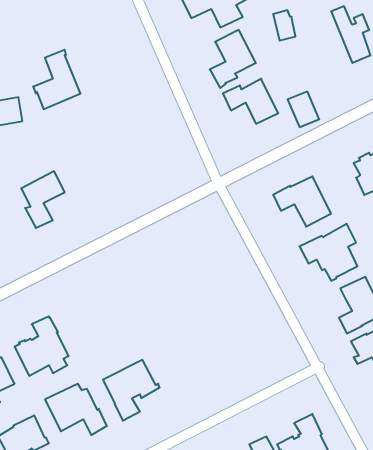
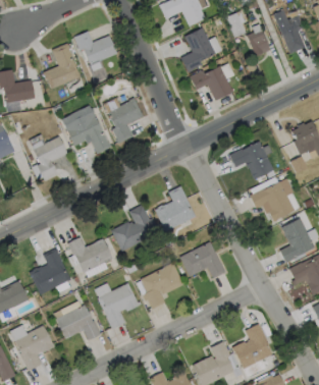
building: none -> [73,31,117,64]
building: [288,92,319,127] -> [246,29,270,56]
building: none -> [108,97,143,144]
building: none -> [61,105,111,154]
building: none -> [153,185,195,231]
building: none -> [110,204,156,251]
building: none -> [67,236,112,278]
building: none -> [179,241,225,278]
building: none -> [140,262,183,309]

